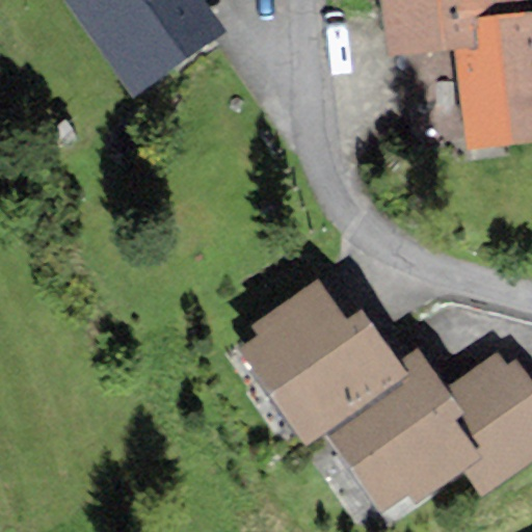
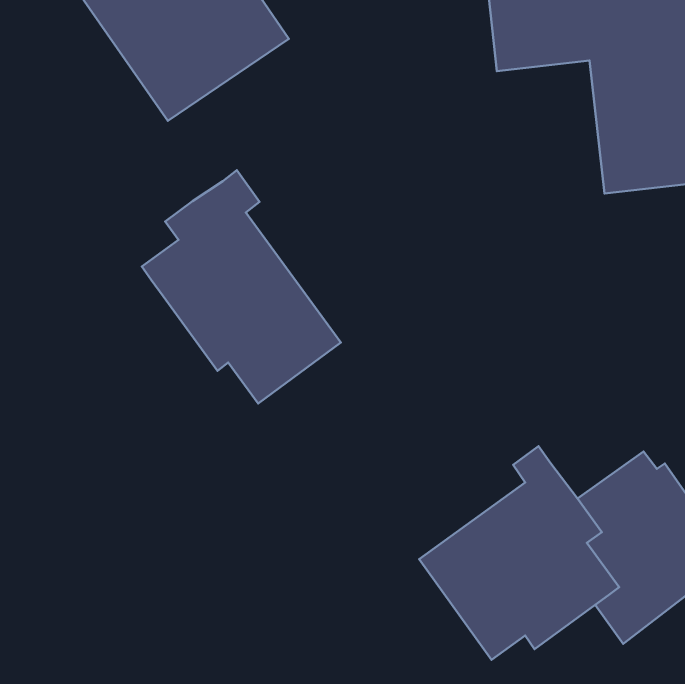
building: none -> [142,170,341,403]
building: [238,276,407,445] -> none

